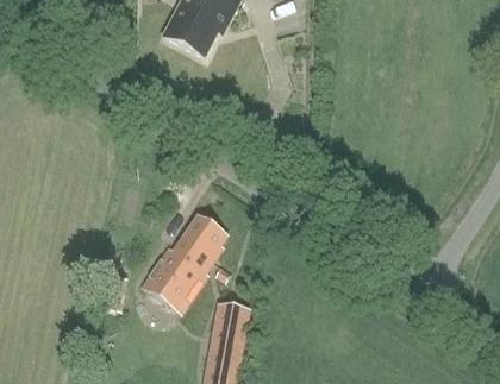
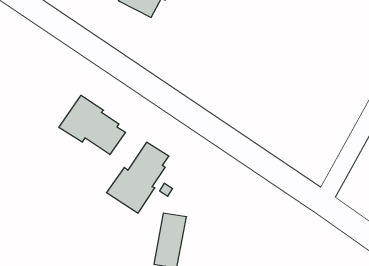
building: none -> [59,95,126,155]

